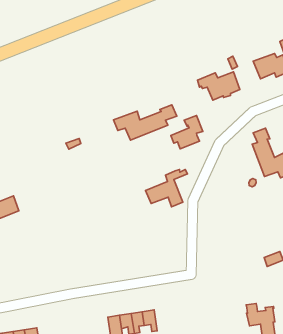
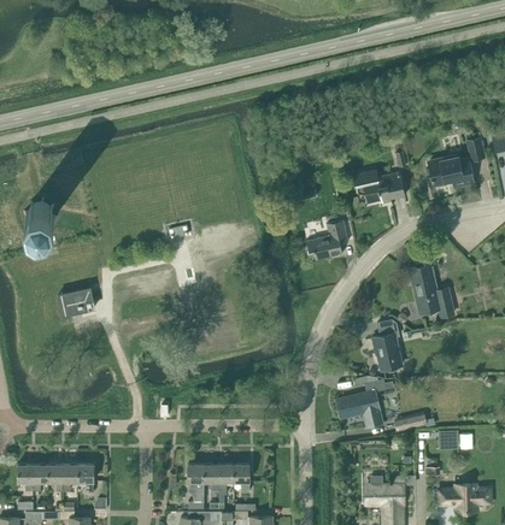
building: [114,105,177,140] -> none
building: [146,169,188,207] -> [336,379,394,426]
building: none -> [372,320,403,370]

